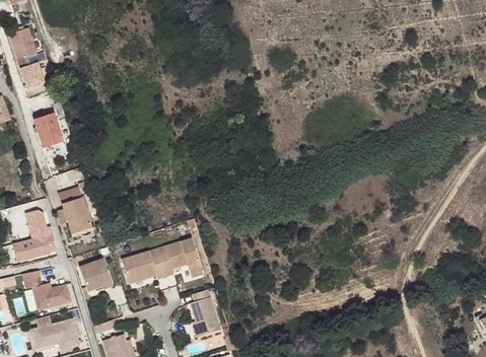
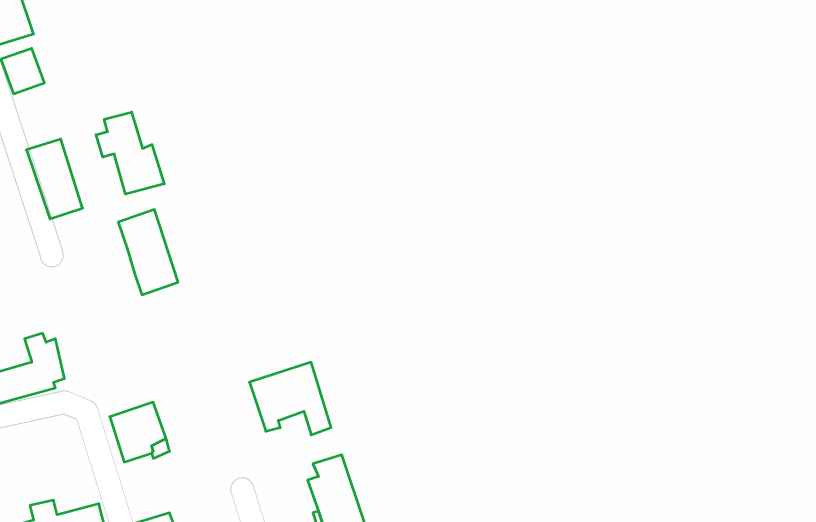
building: none -> [96,112,164,194]
building: [58,186,91,233] -> [118,210,178,295]
building: [124,248,167,284] -> none
building: [23,274,72,308] -> none

